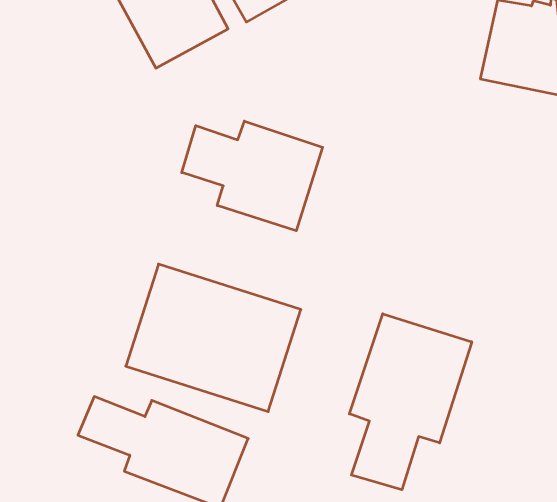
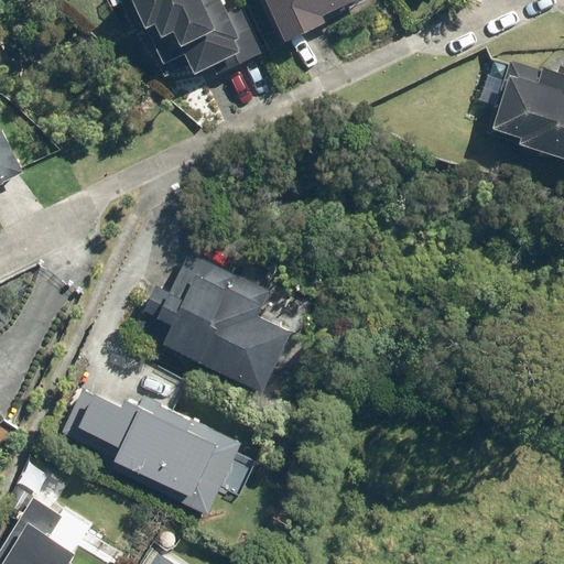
building: [182,121,323,231] -> none
building: [349,314,472,490] -> none

